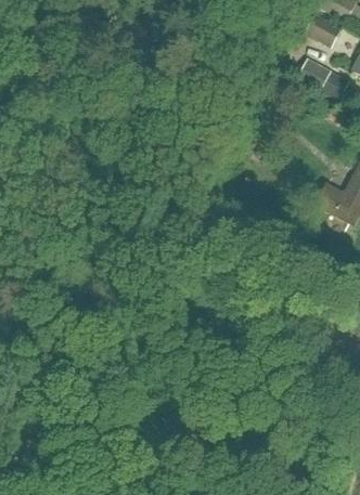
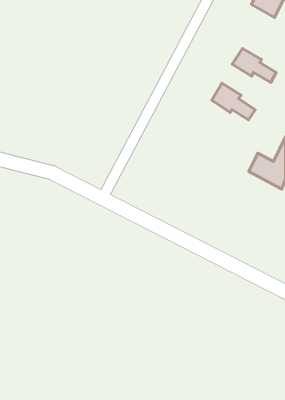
building: [304,13,342,48] -> none
building: none -> [212,83,255,120]

